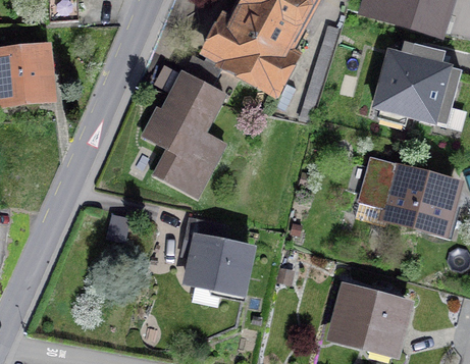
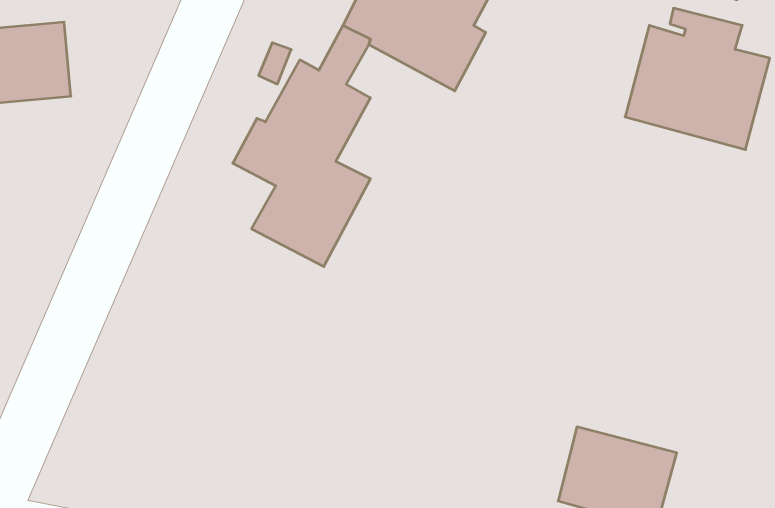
building: [359,157,458,237] -> none
building: [187,218,251,298] -> none

